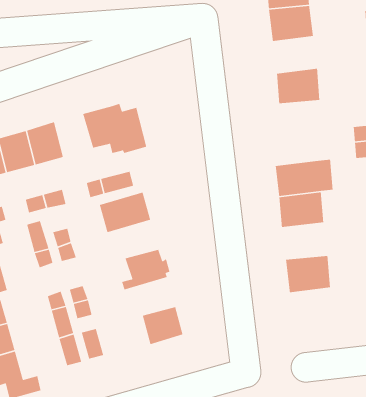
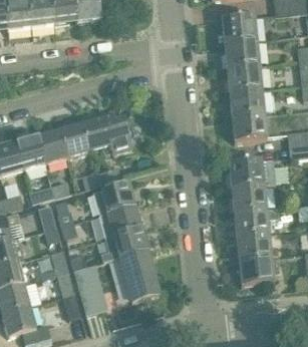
building: none -> [227,61,262,89]
building: none -> [232,110,267,138]
building: none -> [59,120,88,154]
building: none -> [99,203,139,235]
building: none -> [234,204,278,233]
building: none -> [112,247,152,276]
building: none -> [240,255,275,283]

